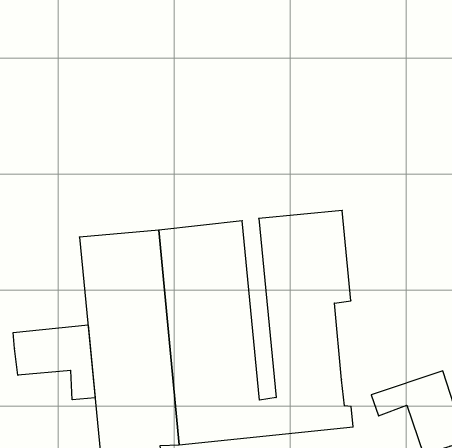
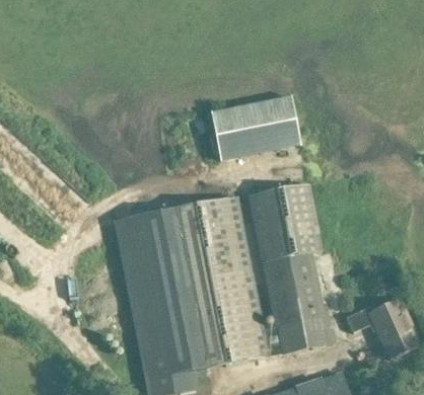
building: none -> [210,95,299,161]
building: [13,325,95,400] -> none

